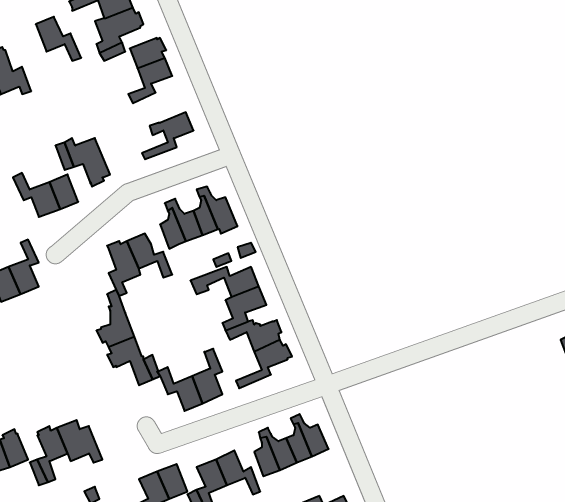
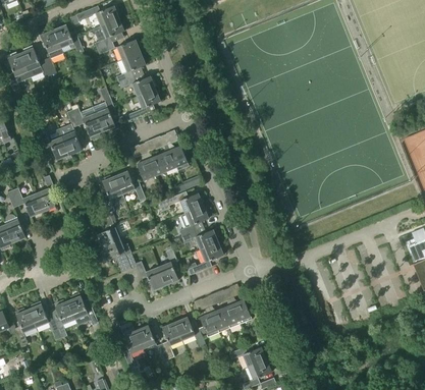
building: none -> [40,31,62,75]
building: none -> [118,76,154,97]
building: none -> [93,95,115,133]

